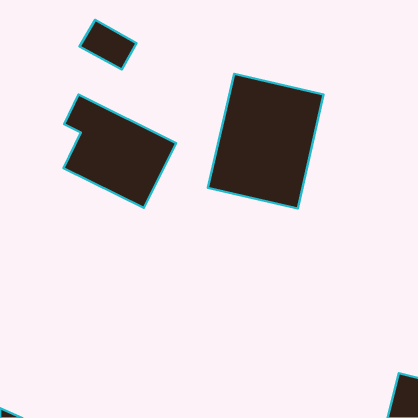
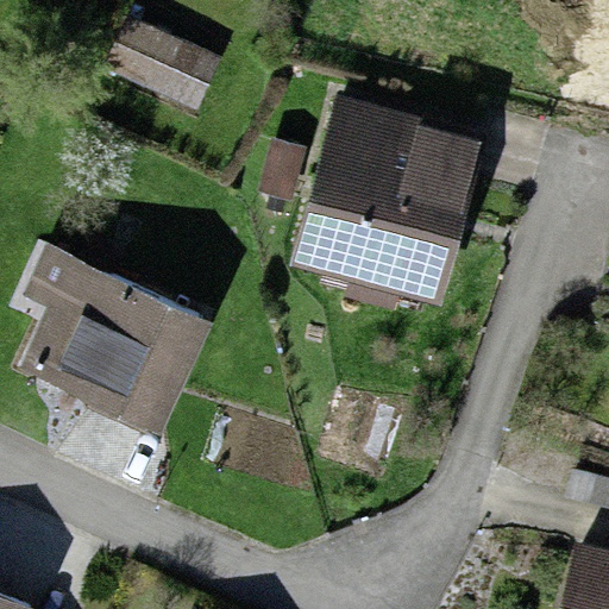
building: [63,94,176,208] -> [29,257,190,420]

